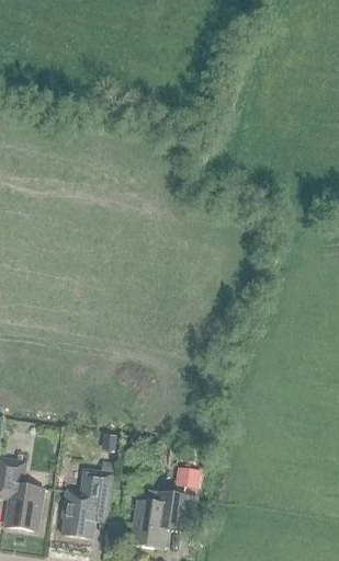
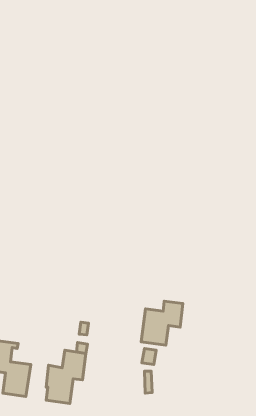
building: [129,492,183,549] -> [141,301,183,345]

